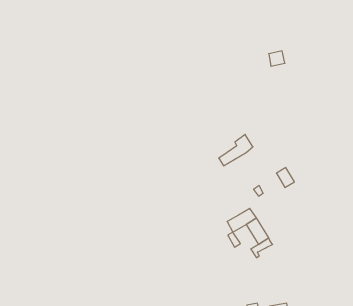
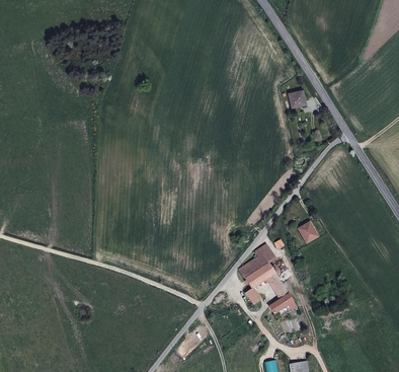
building: [219,134,253,166] -> [239,241,275,275]

